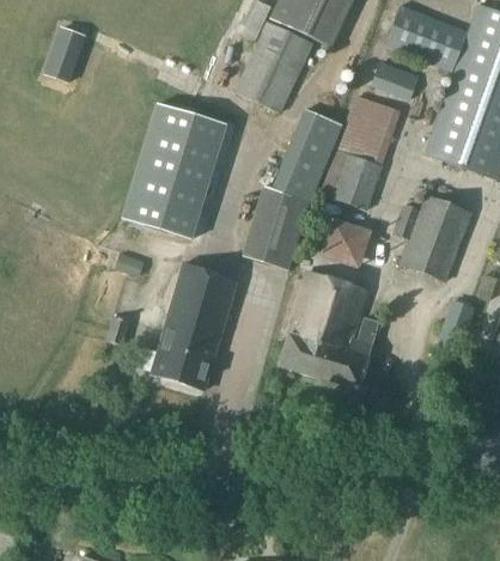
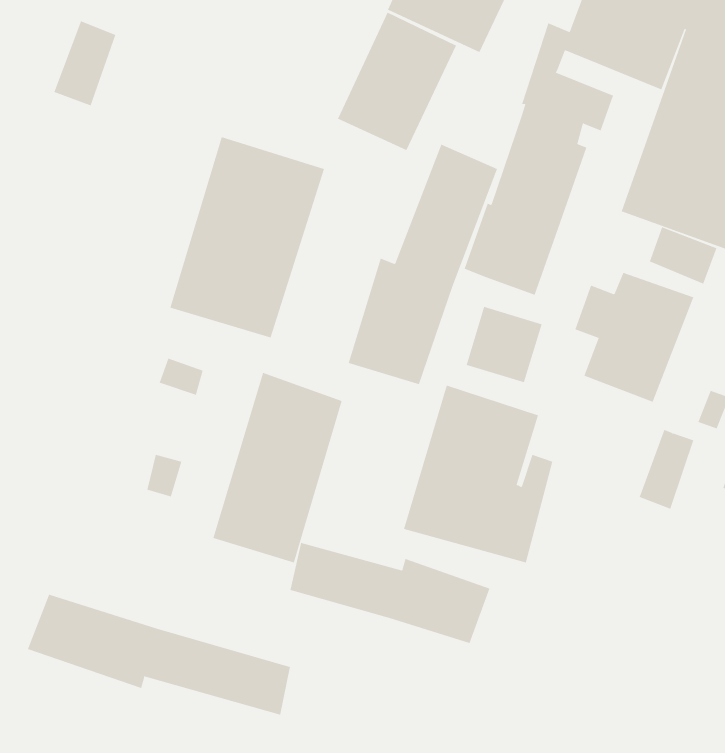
building: none -> [649,226,717,284]
building: none -> [290,542,490,644]
building: none -> [27,594,291,716]

